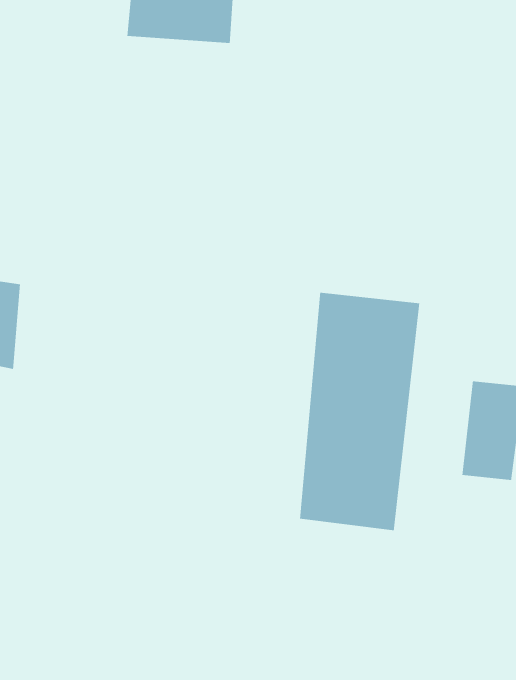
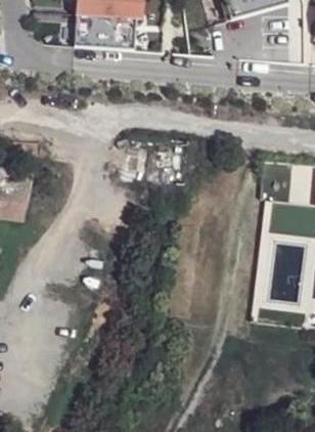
building: [299,292,420,531] -> none

